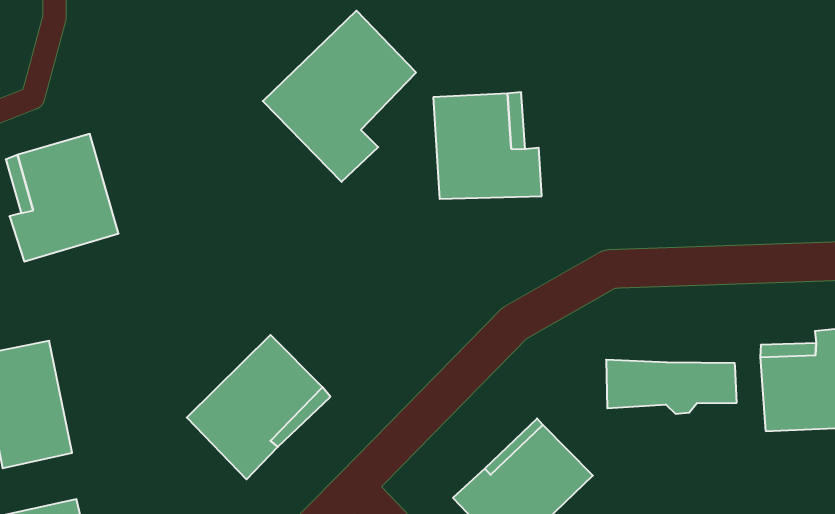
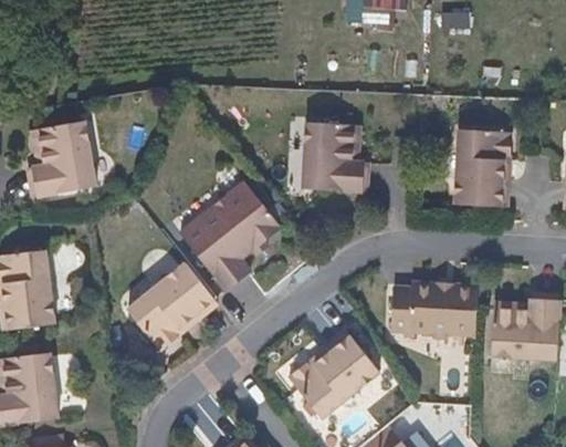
building: [263,11,416,182] -> [178,180,277,289]
building: none -> [454,129,511,205]
building: none -> [397,282,480,308]

